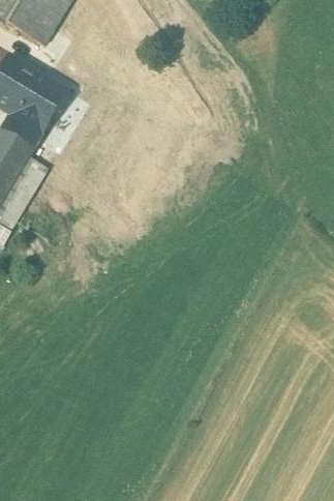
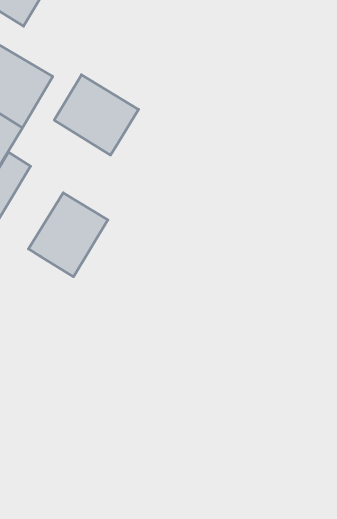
building: none -> [54,75,139,155]
building: none -> [28,193,108,277]

